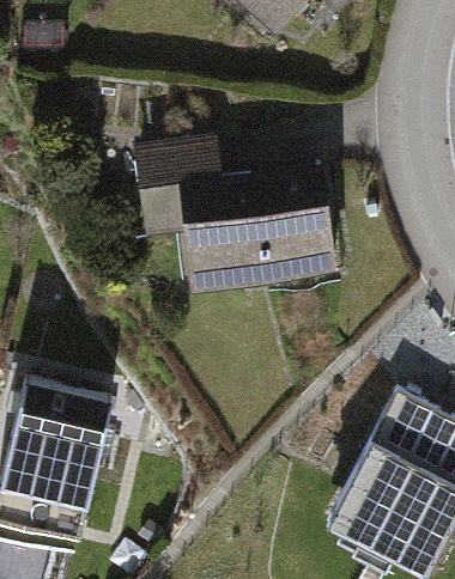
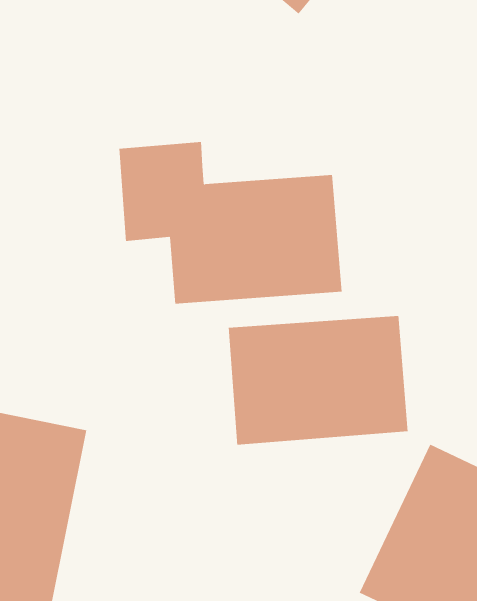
building: none -> [228,315,408,445]

